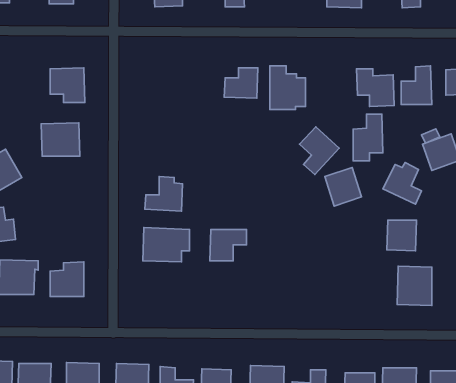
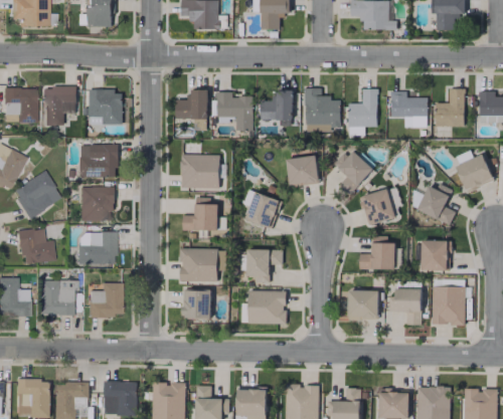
building: none -> [43,85,75,125]
building: none -> [175,89,208,119]
building: none -> [215,91,253,131]
building: [353,114,383,161] -> [348,88,377,135]
building: none -> [180,154,219,188]
building: none -> [285,155,319,187]
building: none -> [78,186,113,220]
building: none -> [242,189,280,228]
building: none -> [76,231,114,263]
building: none -> [359,235,400,269]
building: none -> [388,288,422,325]
building: none -> [182,289,211,319]
building: none -> [247,290,285,324]
building: none -> [347,290,378,320]

